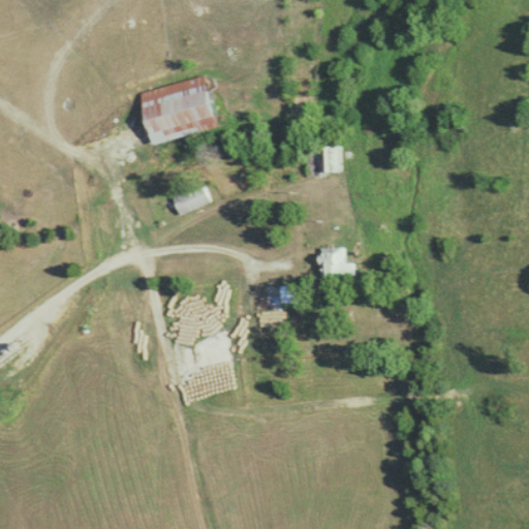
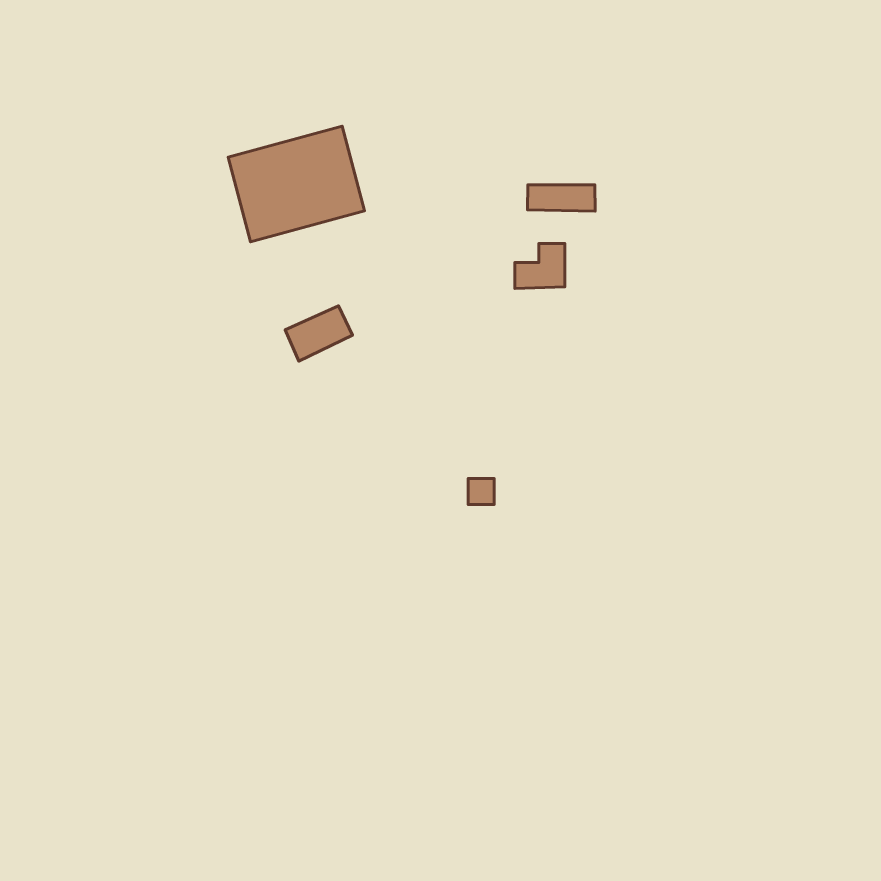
building: none -> [527,185,595,211]
building: [318,248,352,276] -> none

